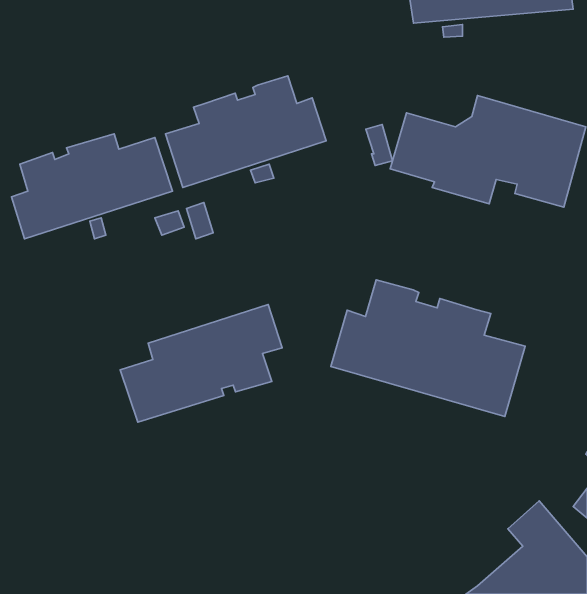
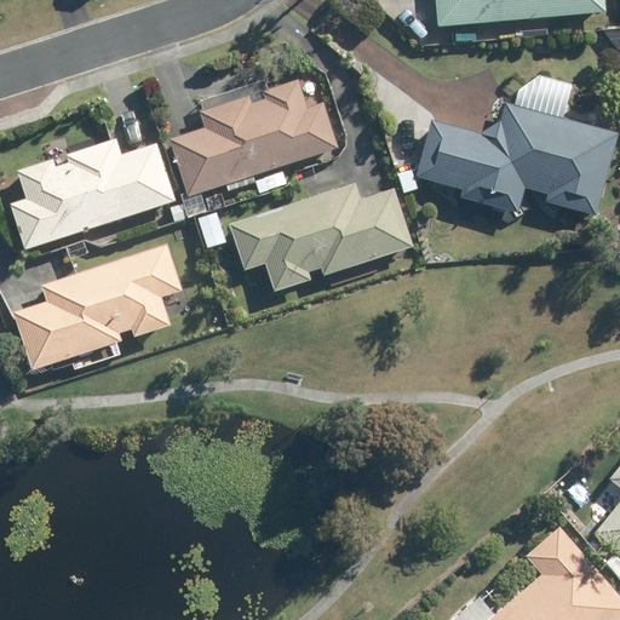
building: none -> [230,186,413,293]
building: [331,280,525,416] -> none
building: [120,305,282,422] -> [12,246,180,368]

